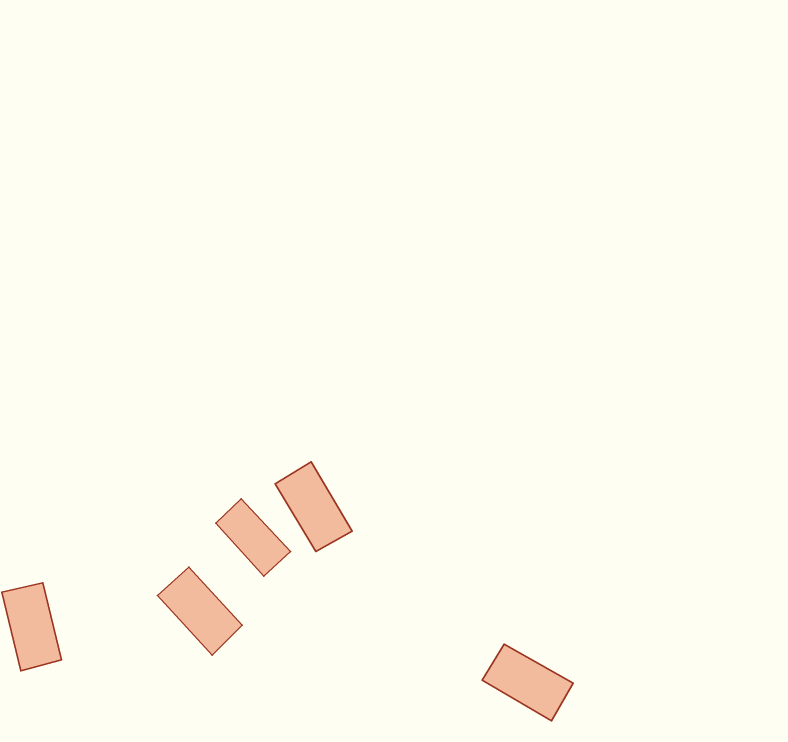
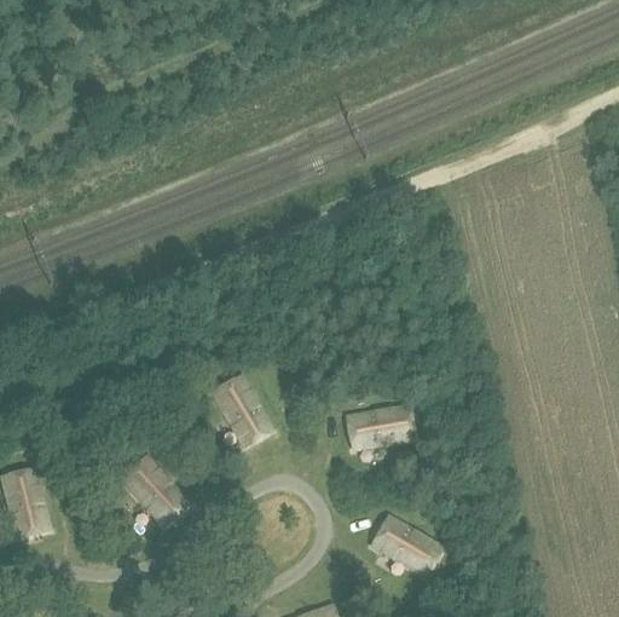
building: [216,499,290,576] -> none
building: none -> [348,405,413,448]

